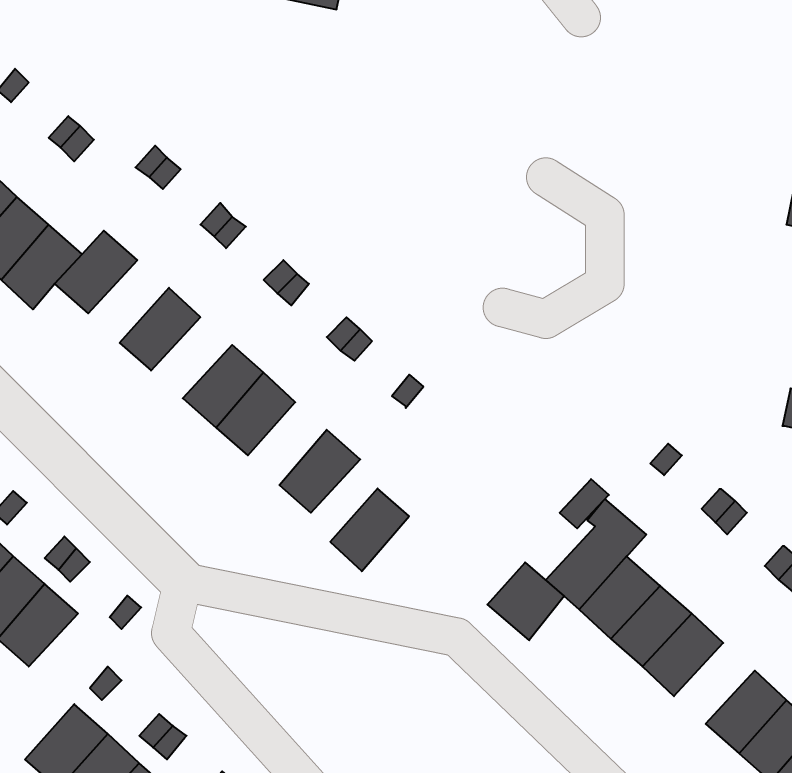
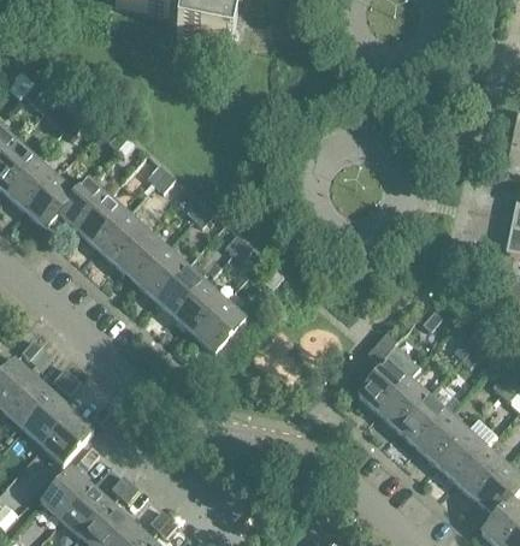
building: none -> [79,198,129,249]
building: none -> [118,233,167,283]
building: [330,488,409,571] -> [177,285,225,336]
building: [487,562,564,640] -> none
building: none -> [43,414,93,464]
building: none -> [437,432,486,481]

